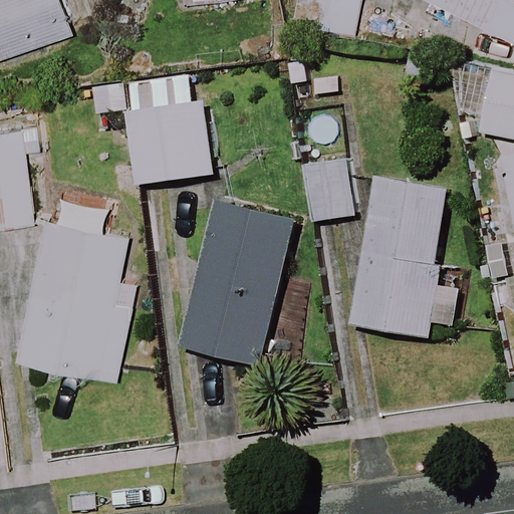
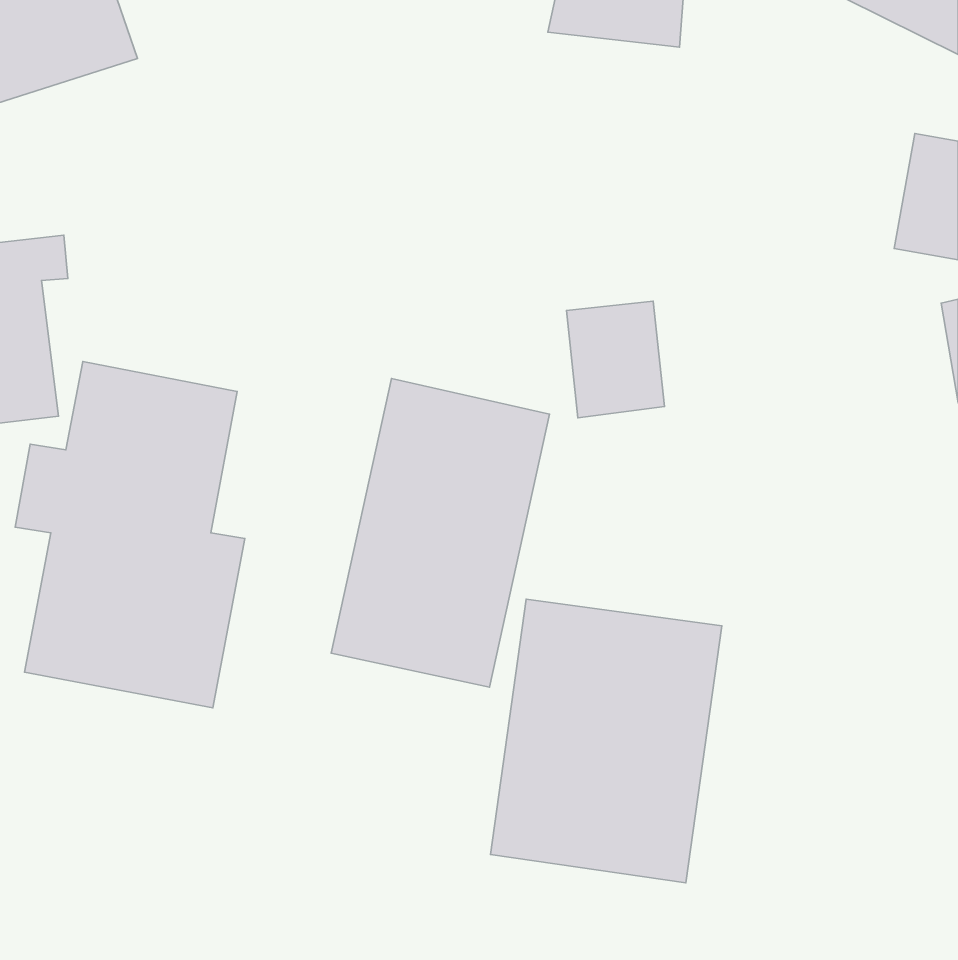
building: [133,95,219,178] -> none
building: [350,178,460,337] -> none
building: none -> [491,599,722,883]

